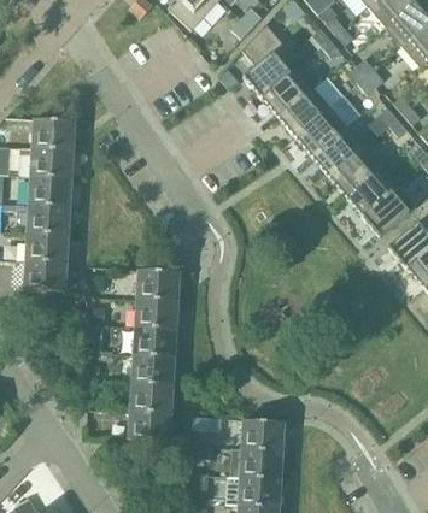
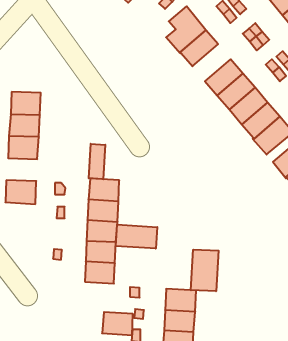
building: [279,85,330,136] -> none
building: [31,119,74,152] -> none
building: none -> [89,144,105,179]
building: [24,241,66,272] -> none
building: none -> [116,225,157,249]
building: none -> [191,250,219,291]
building: [129,409,171,441] -> [102,312,133,335]

